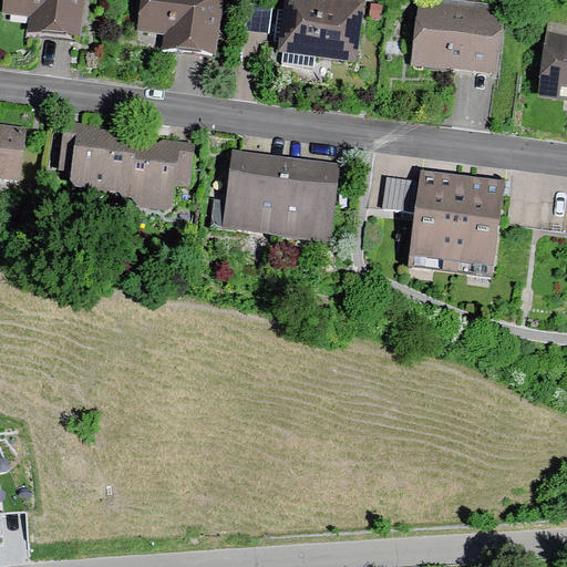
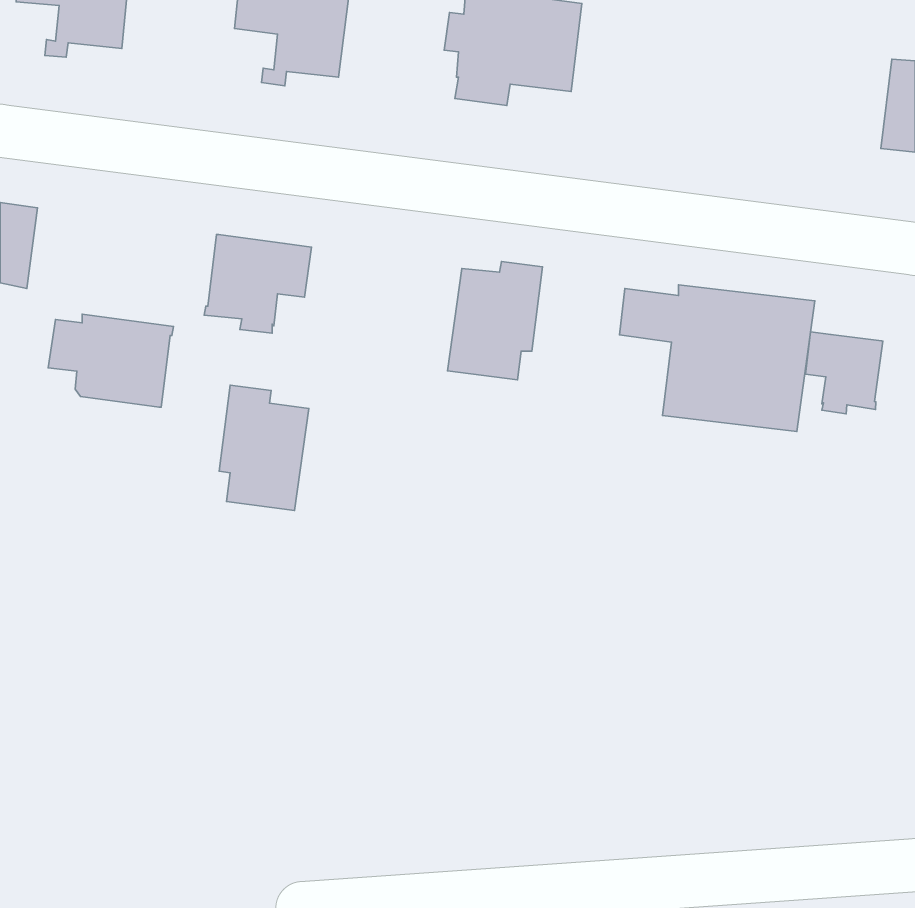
building: [417,6,498,70] -> none
building: [59,132,136,189] -> [48,314,174,407]
building: [230,152,286,229] -> [219,385,309,511]
building: none -> [805,332,883,414]

